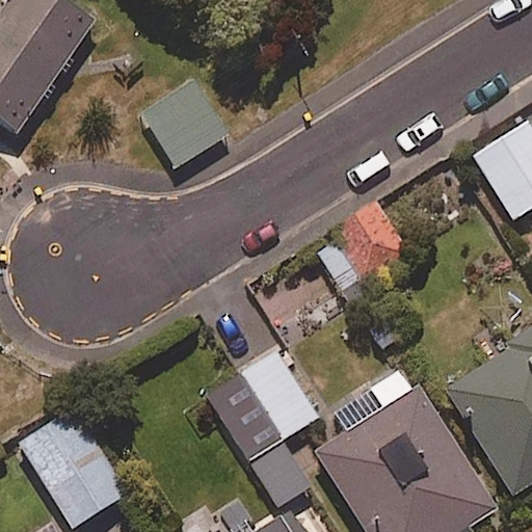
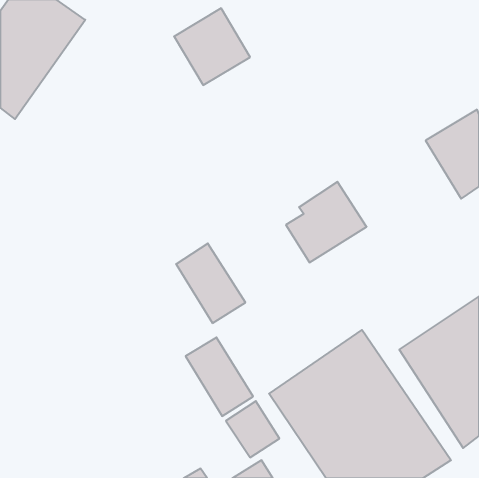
building: [142,81,227,166] -> [174,8,250,85]
building: [240,351,317,440] -> [176,243,245,323]
building: [21,409,126,526] -> none

